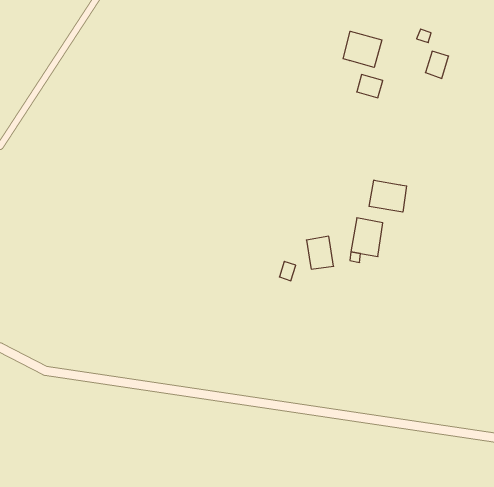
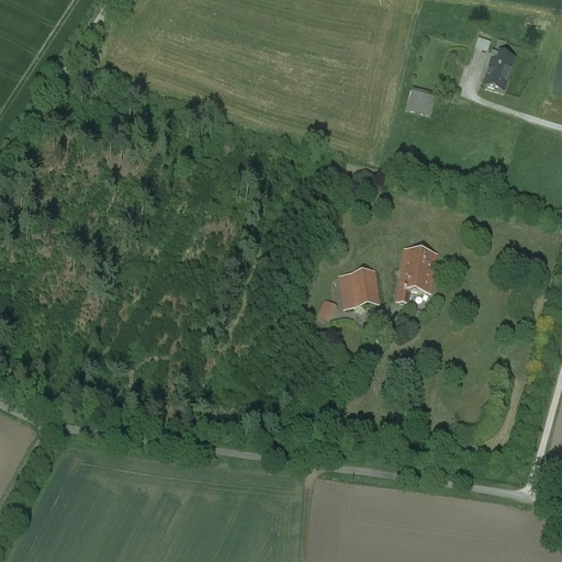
building: [343,31,382,67] -> none
building: [369,180,407,212] -> none

